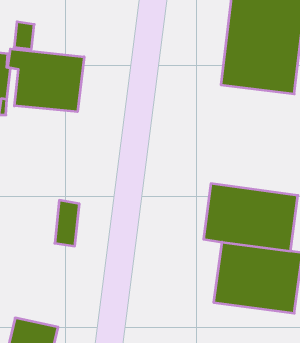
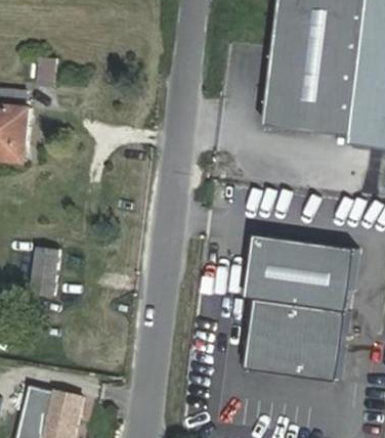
building: [8,49,84,112] -> none
building: [55,200,79,246] -> [29,245,56,296]

